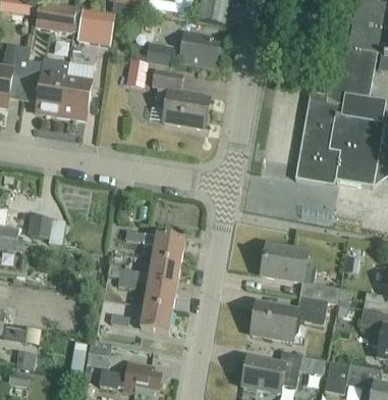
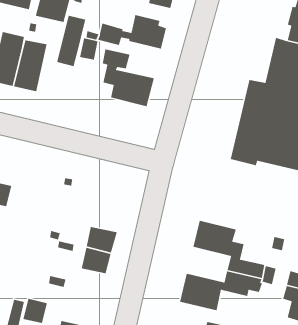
building: none -> [56,15,86,67]
building: [125,232,184,263] -> none
building: [140,305,171,334] -> none

